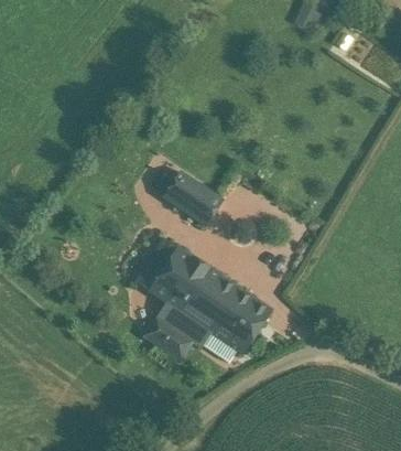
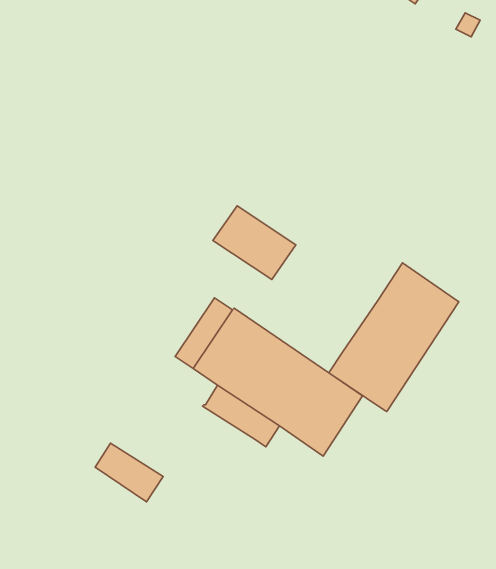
building: none -> [329,263,459,411]
building: [142,318,192,361] -> [95,443,163,502]

